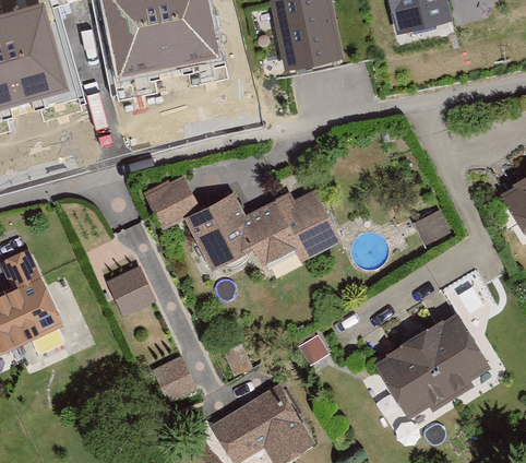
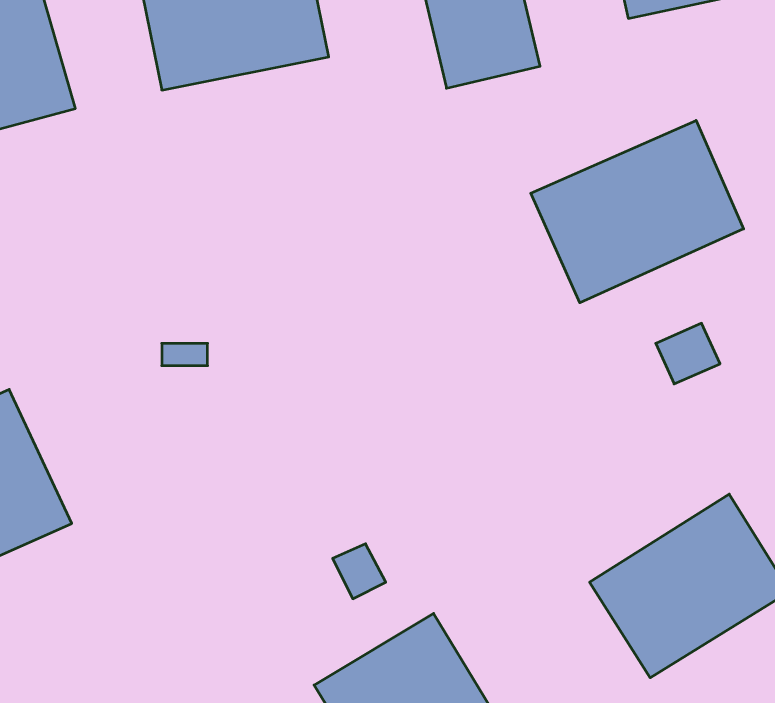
building: none -> [531,120,744,303]
building: [147,177,344,277] -> none
building: [106,261,154,310] -> none
building: [152,358,198,405] -> none

